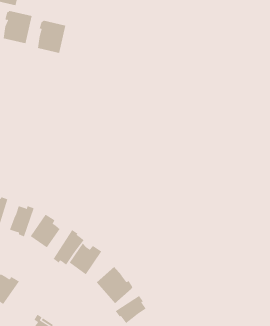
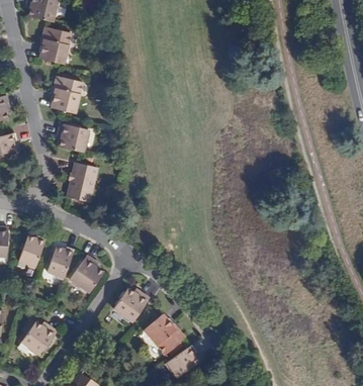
building: [37,20,66,54] -> [51,77,83,114]
building: none -> [57,122,90,153]
building: none -> [66,162,98,203]
building: [53,229,84,266] -> none

